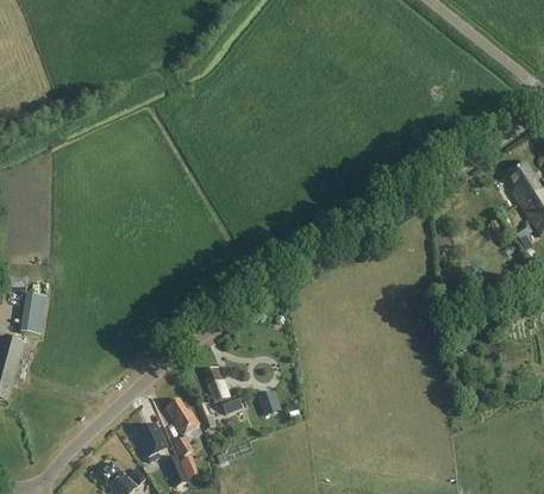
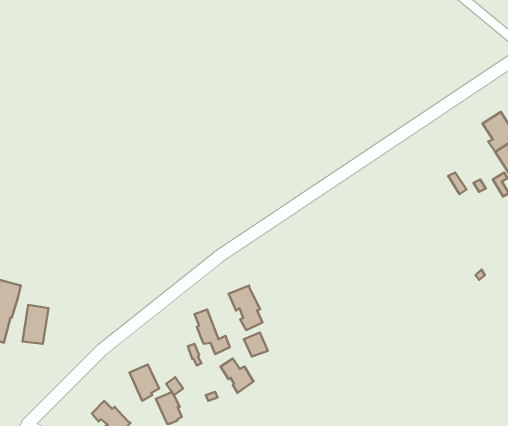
building: [19,293,46,333] -> [22,305,49,344]
building: none -> [228,285,263,330]
building: [165,399,200,434] -> [220,359,254,393]

